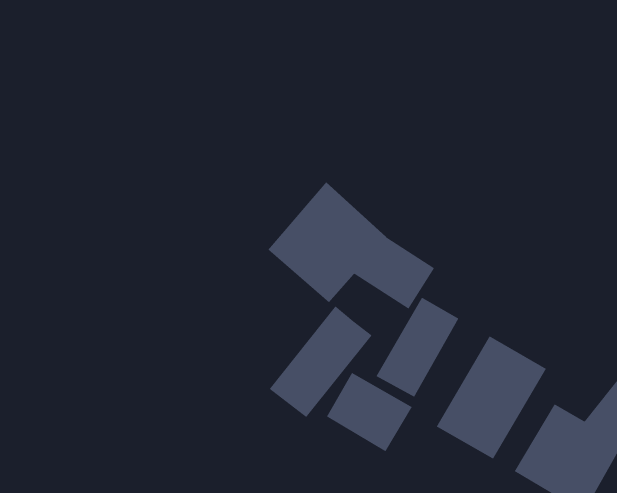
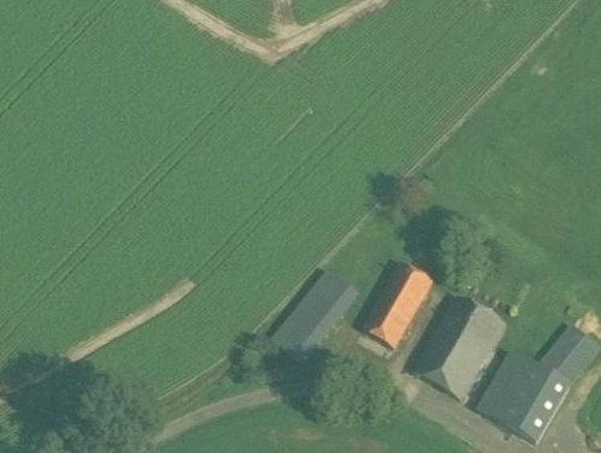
building: [267,182,435,310] -> none
building: [326,372,412,452] -> none

